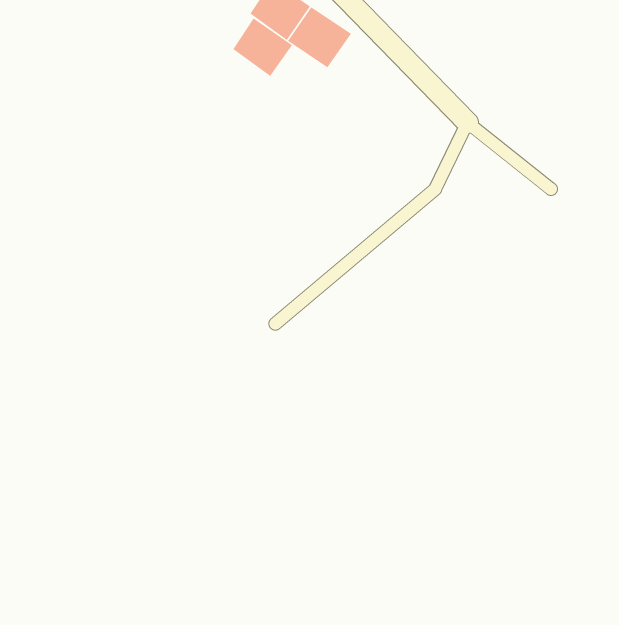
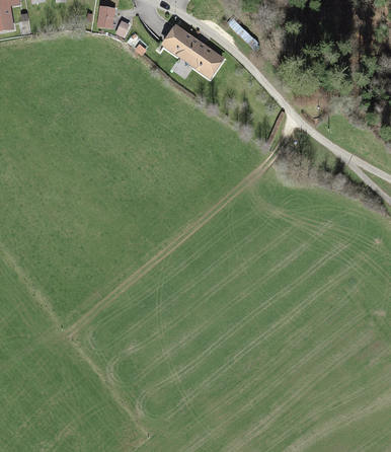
building: [233,17,293,77] -> none

